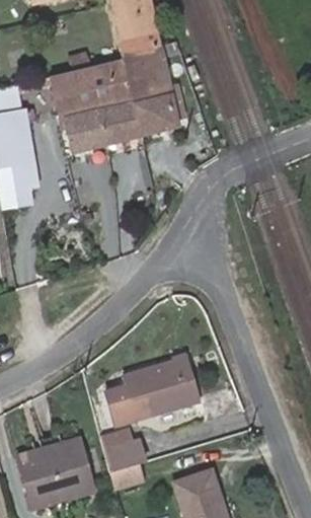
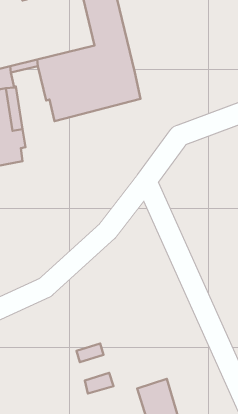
building: [102,356,201,427] -> none
building: [18,439,93,508] -> none
building: [104,441,144,472] -> none

